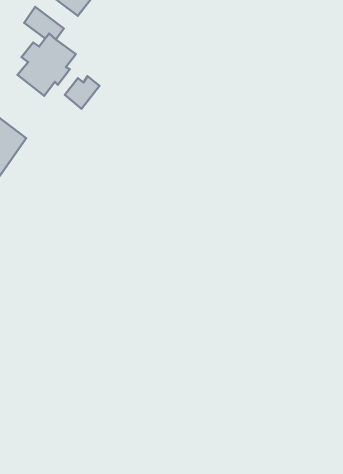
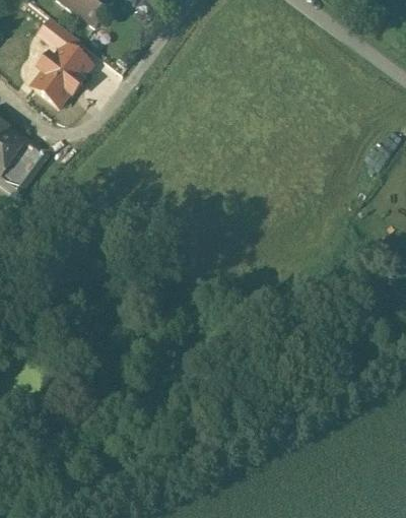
building: [65,76,99,109] -> none

